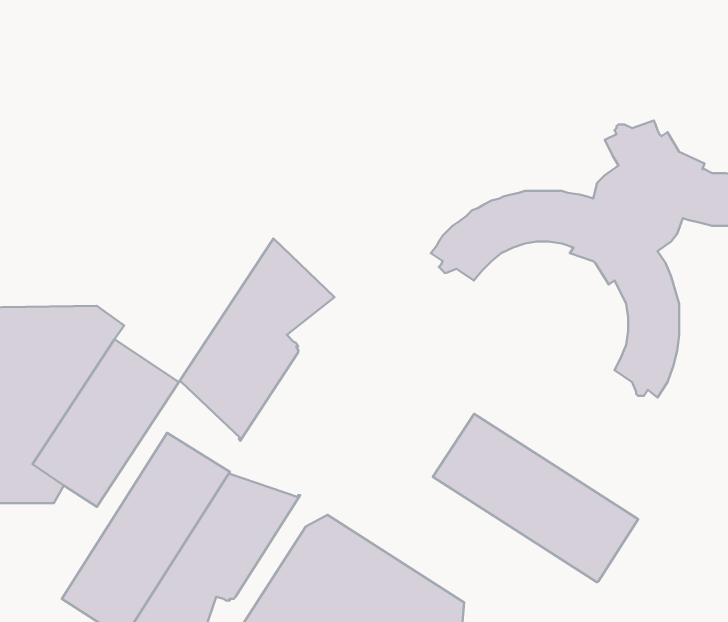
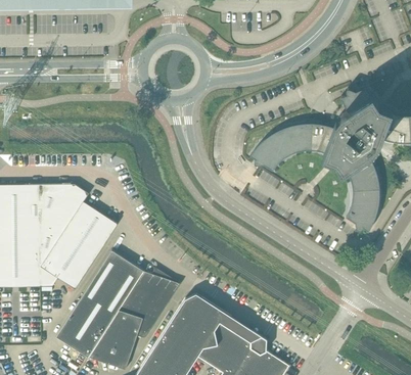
building: [179,238,334,441] -> none
building: [433,414,638,582] -> none

